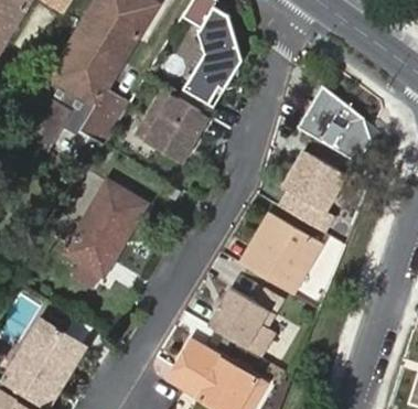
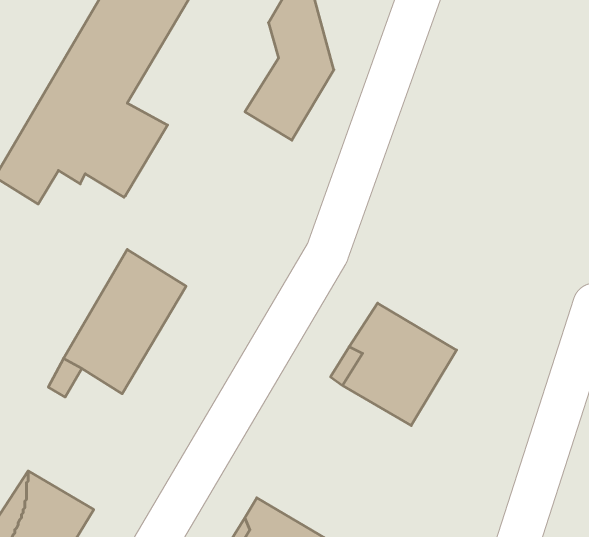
building: [299,88,374,163] -> none
building: [137,89,211,164] -> none
building: [280,152,346,232] -> none
building: [207,287,277,356] -> none

